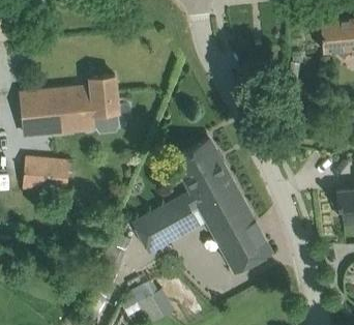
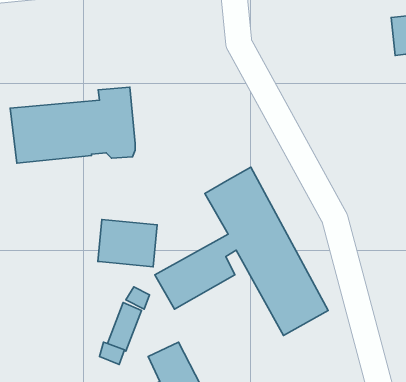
building: [22,158,68,196] -> [98,219,157,267]

